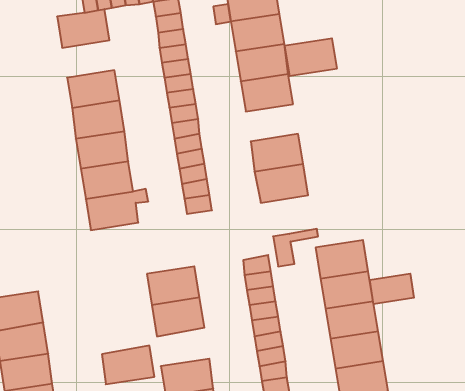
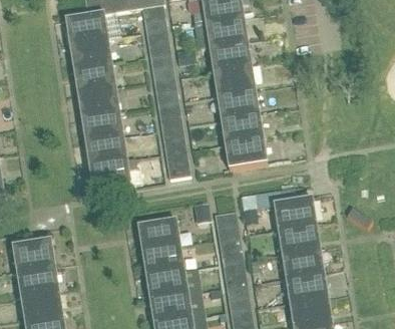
building: [285,38,337,76] -> [217,87,259,117]
building: none -> [69,36,111,66]
building: [370,274,414,304] -> none
building: [102,346,154,384] -> [145,267,187,298]

